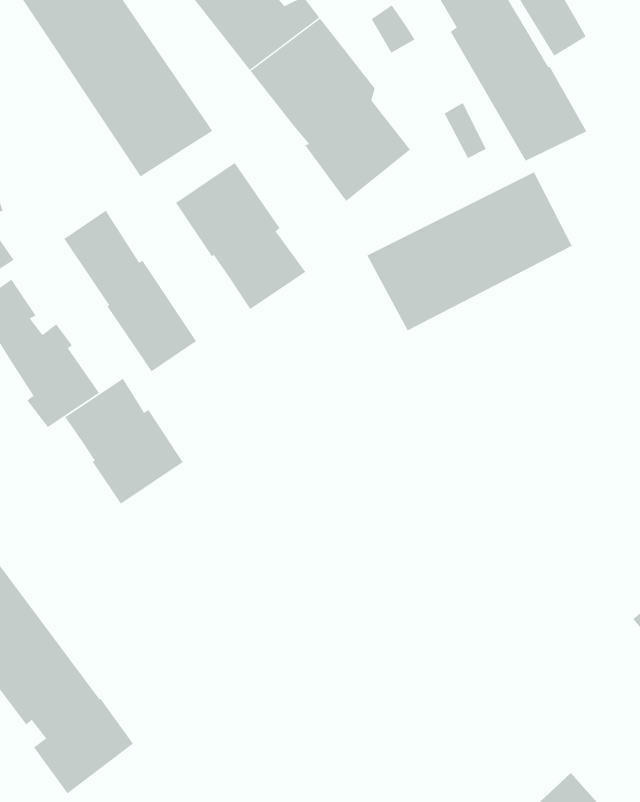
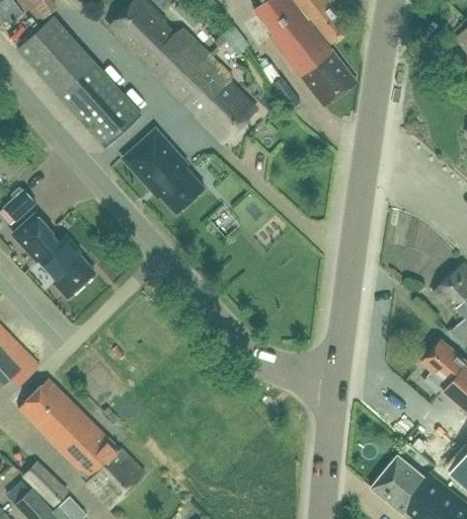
building: [366,172,572,331] -> none
building: [63,210,197,372] -> none
building: [65,378,184,504] -> none

